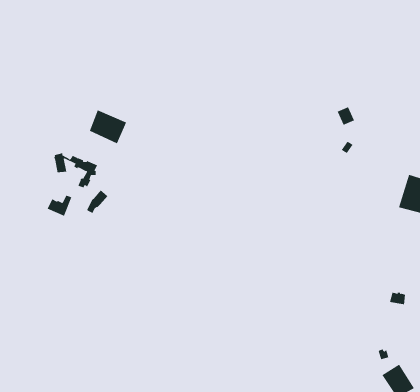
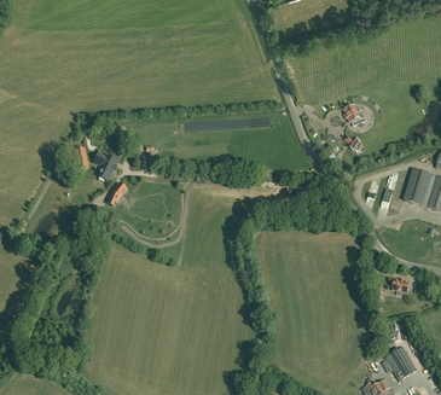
building: [89,110,127,144] -> none

